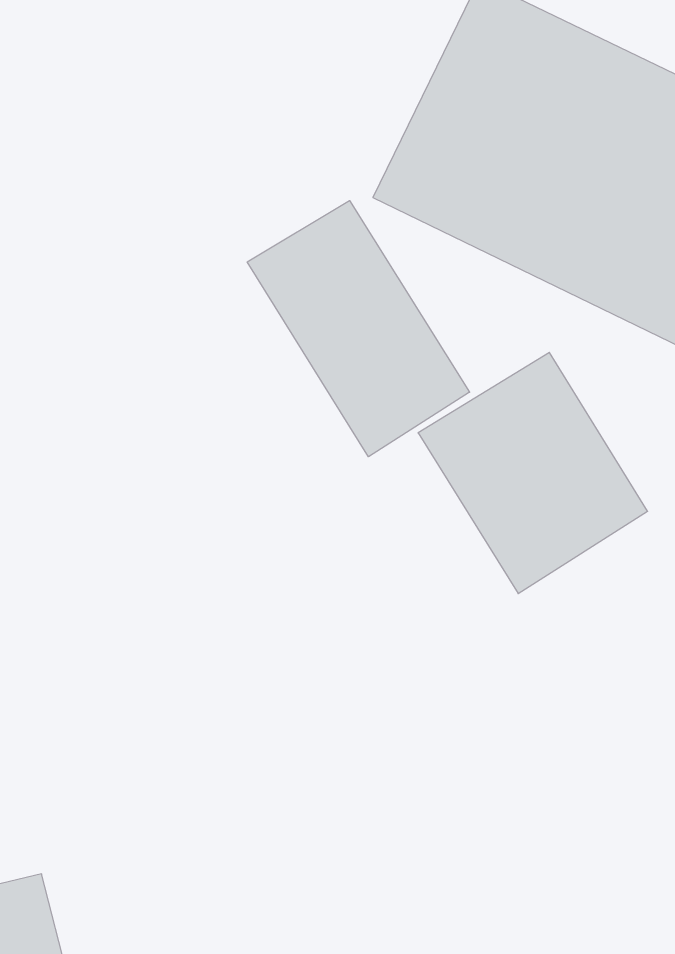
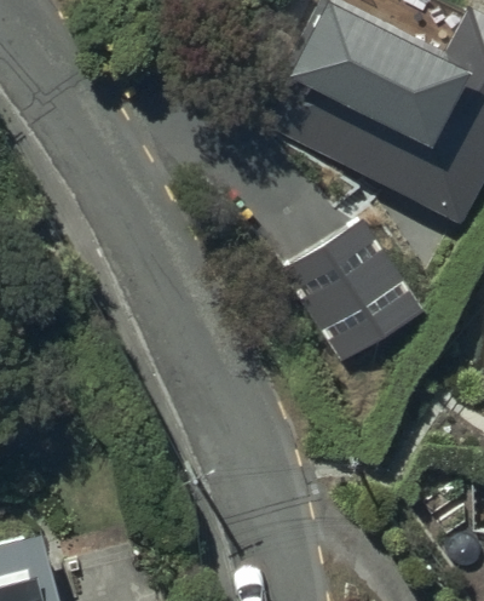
building: [247,201,470,457] -> none

